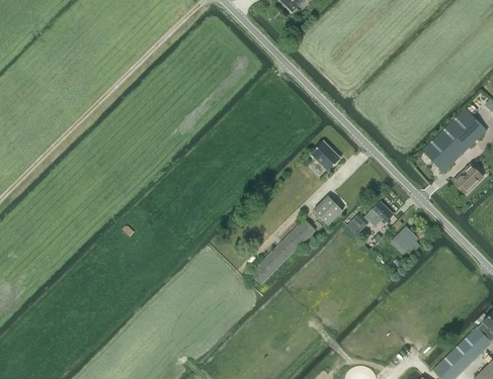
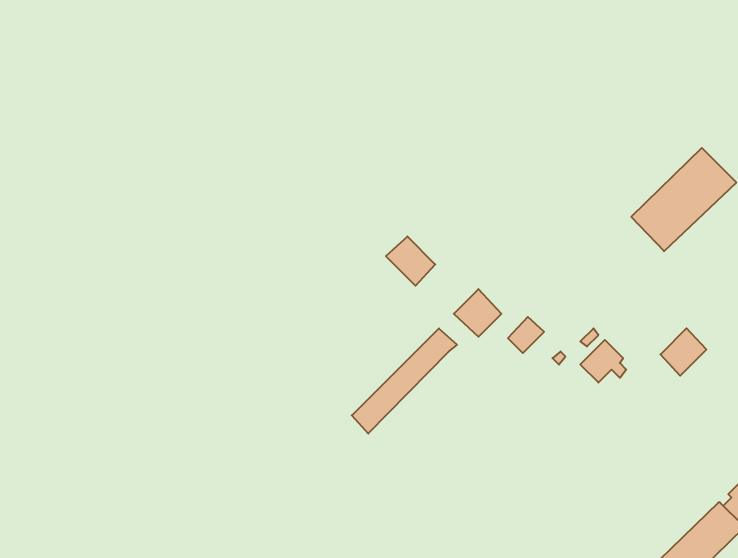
building: [310,141,340,172] -> [386,236,435,286]
building: [454,165,482,194] -> [660,328,706,376]
building: [364,202,393,227] -> none

